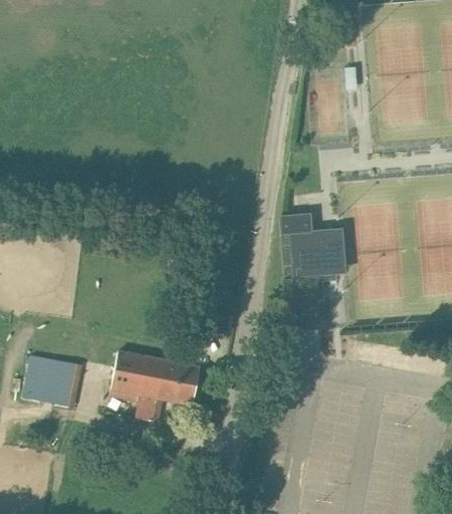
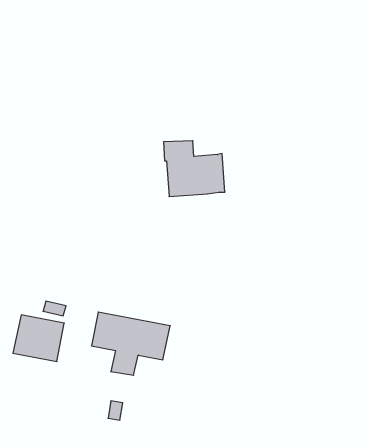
building: [278,215,346,276] -> [164,141,225,197]

